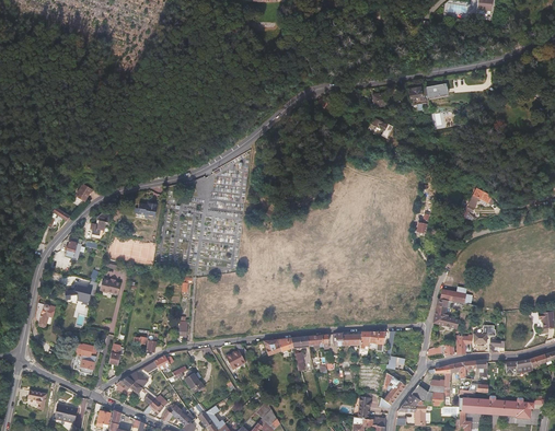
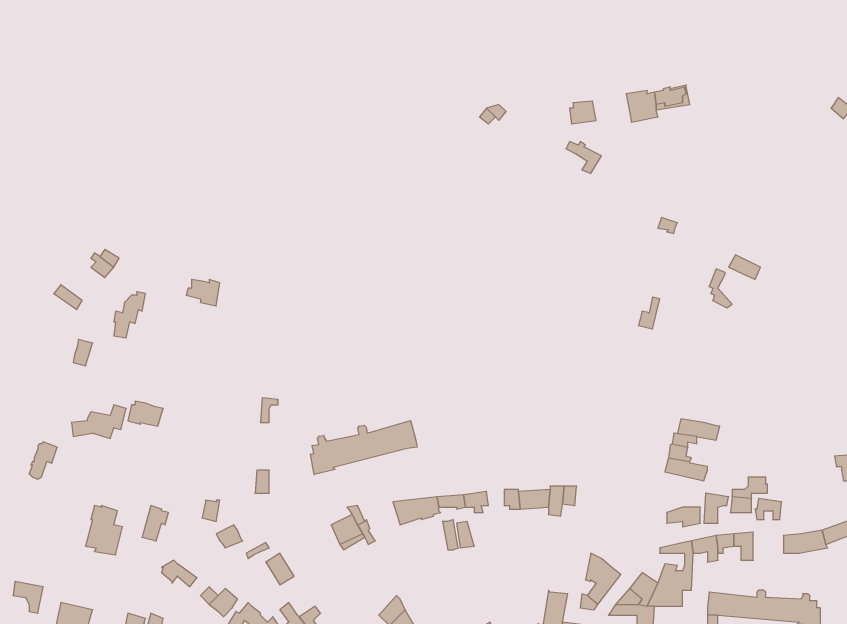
building: none -> [310,421,417,475]

